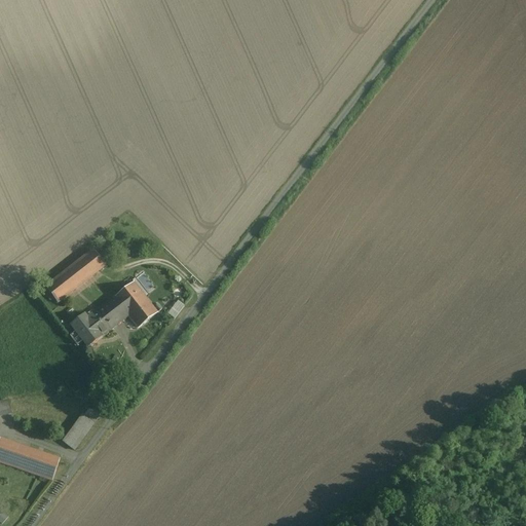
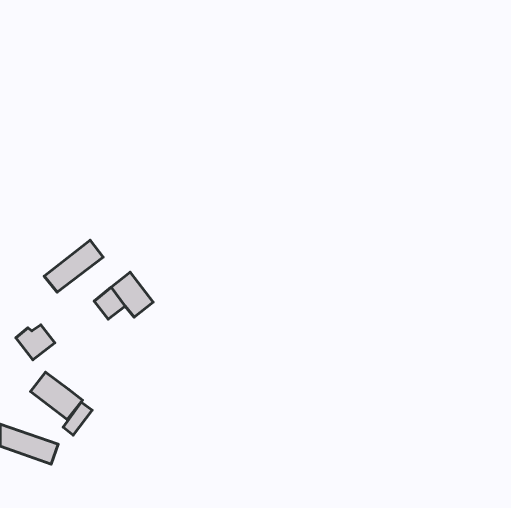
building: [71,309,111,345] -> [16,325,55,360]
building: none -> [30,372,82,419]

